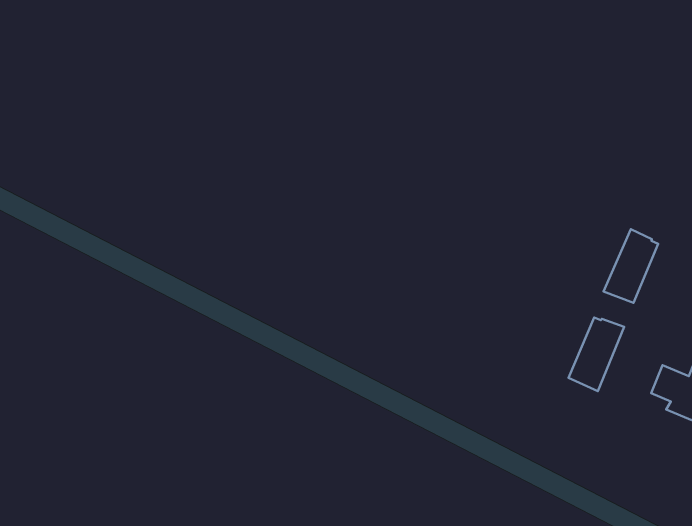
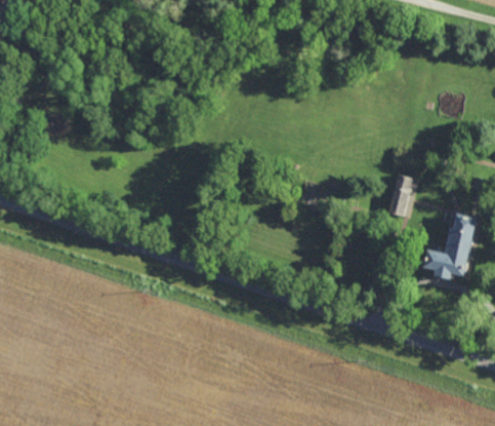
building: [569,317,624,391] -> none

